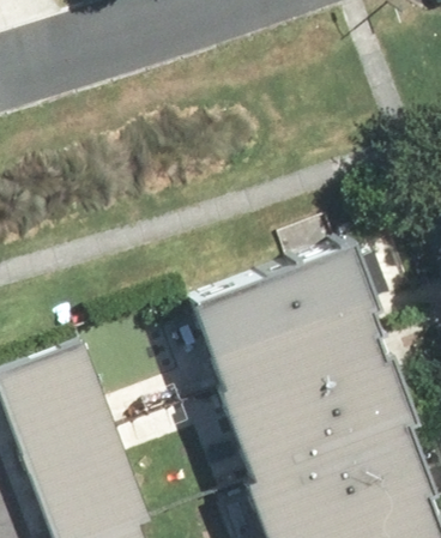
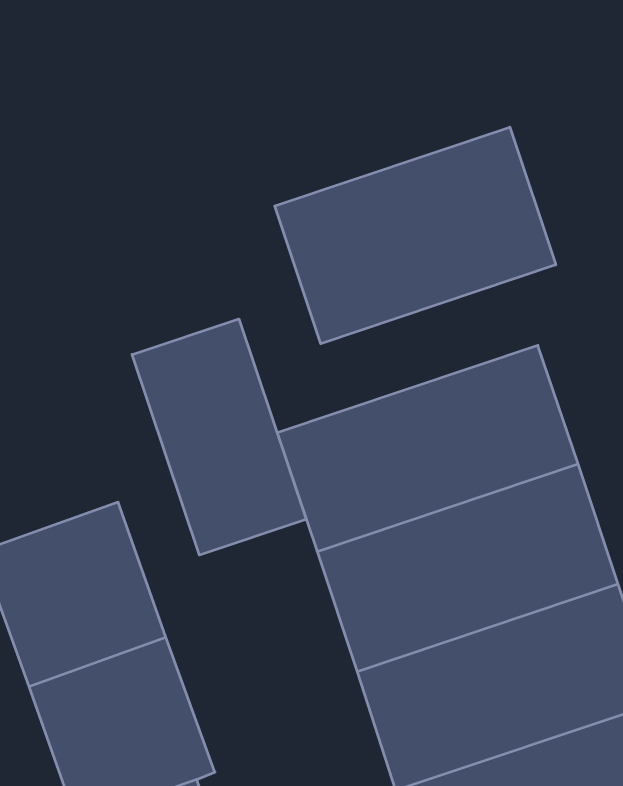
building: none -> [275,127,556,344]
building: none -> [132,319,306,555]

